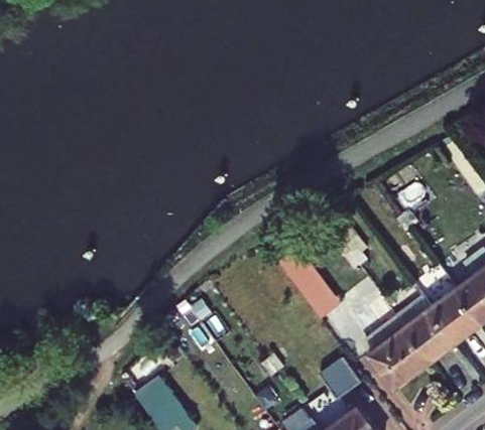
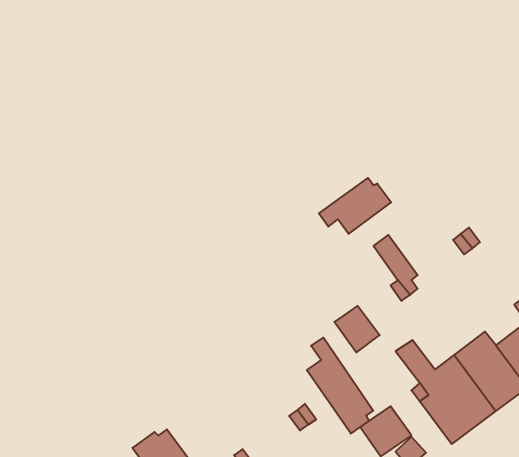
building: none -> [319,178,391,234]
building: [279,249,318,289] -> none
building: none -> [307,338,373,434]

